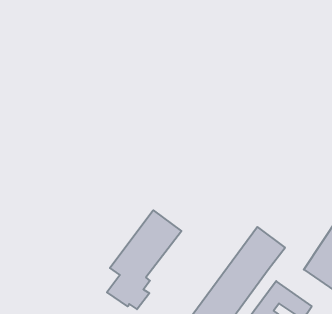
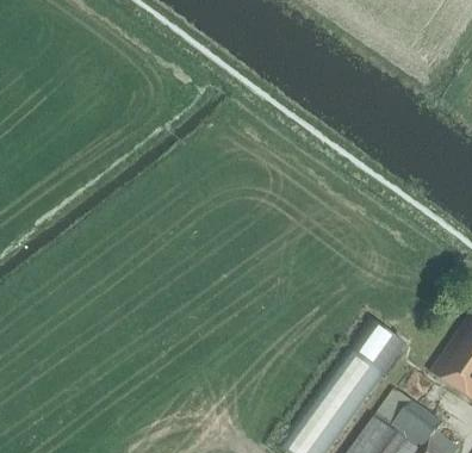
building: [107,210,181,309] -> none

